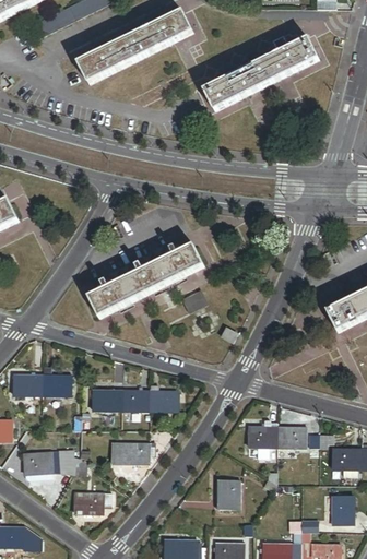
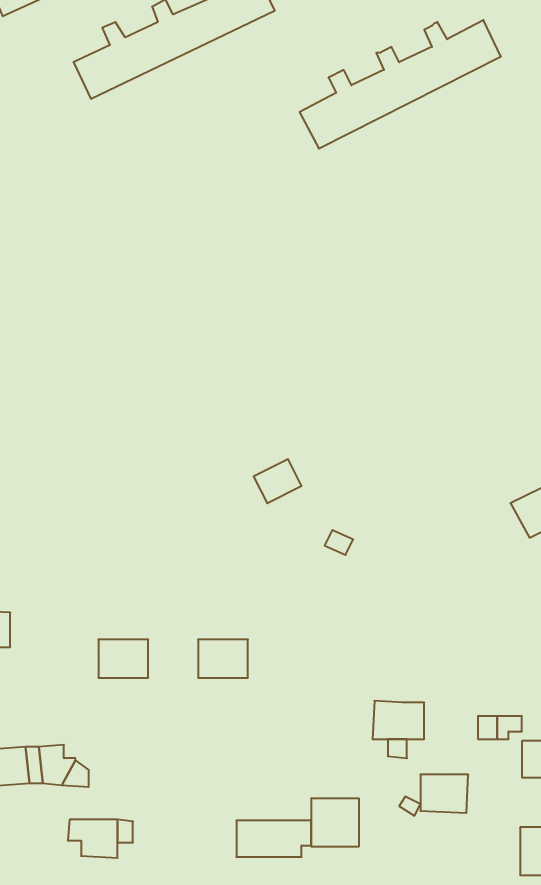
building: [90,246,203,318] -> none
building: [42,374,70,395] -> none
building: [120,390,149,412] -> none
building: [277,426,305,448] -> [420,775,468,813]
building: [111,442,154,463] -> [236,821,311,857]

